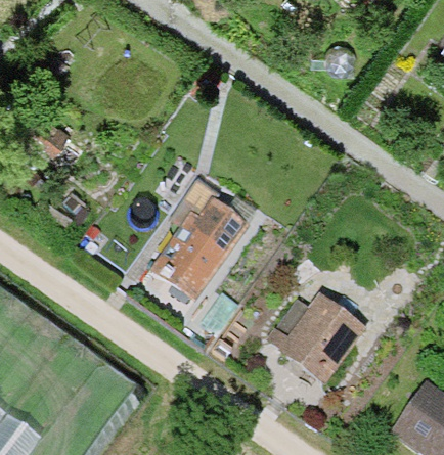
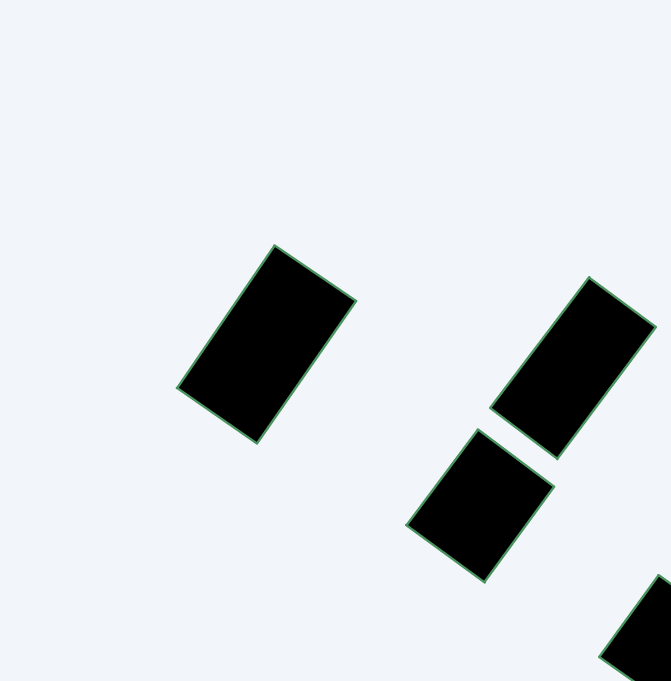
building: none -> [490,277,656,459]

